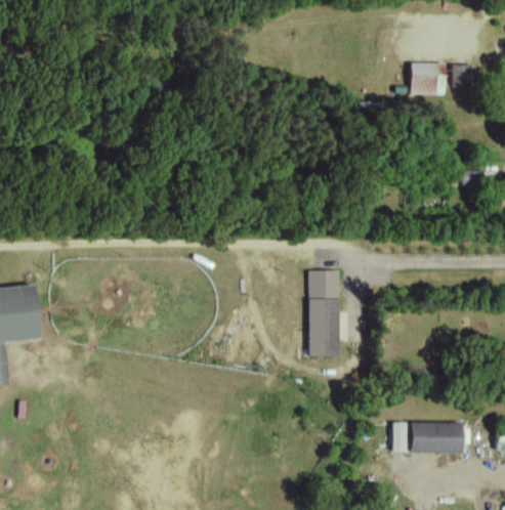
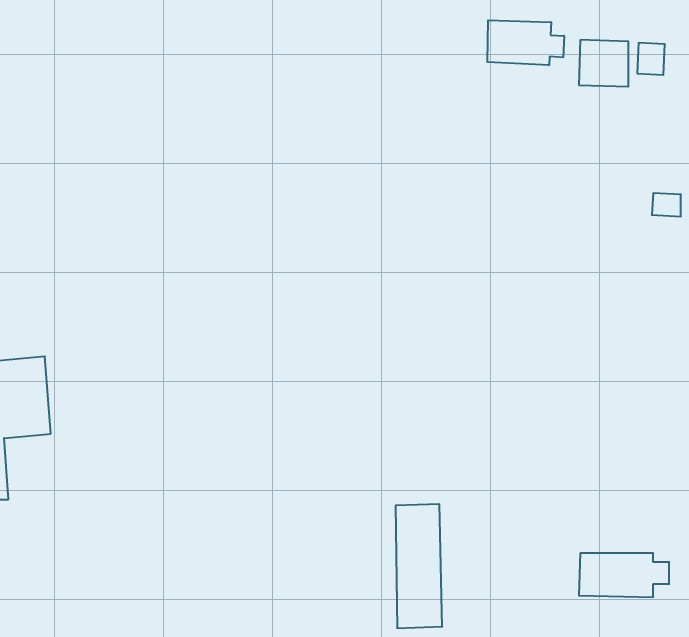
building: none -> [487,20,564,65]
building: [307,269,340,356] -> [396,504,442,628]
building: [391,421,406,452] -> none

